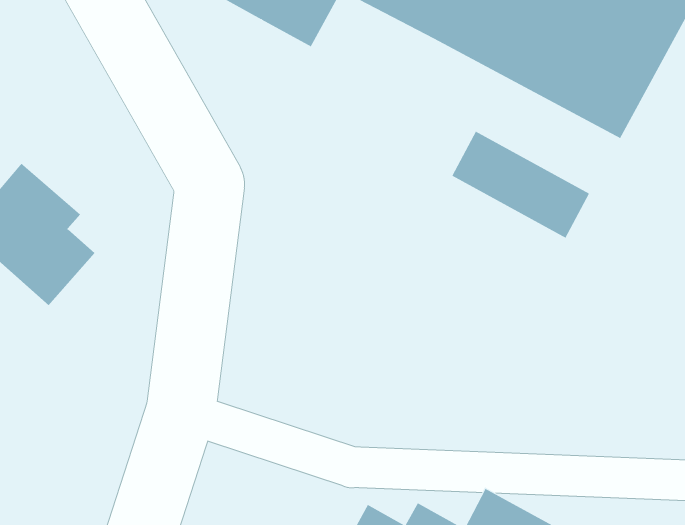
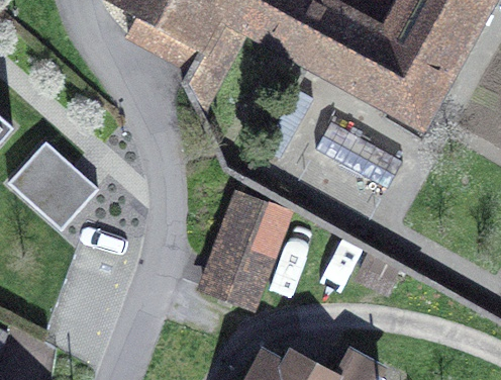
building: none -> [205,192,287,305]

